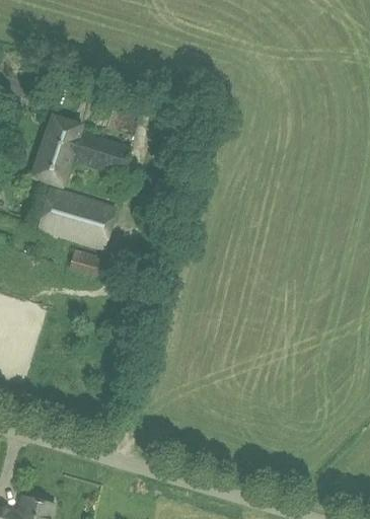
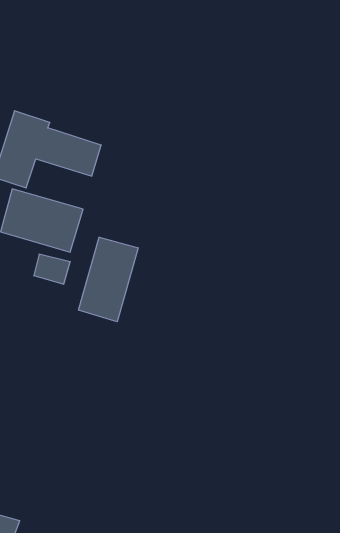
building: none -> [79,237,138,322]

